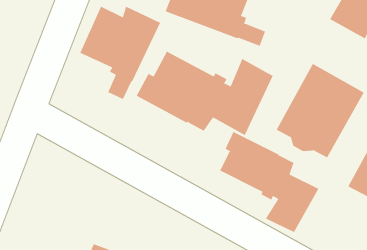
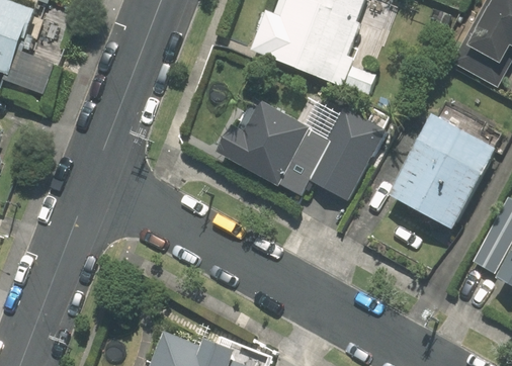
building: [80,6,161,100] -> none
building: [220,131,319,233] -> none

